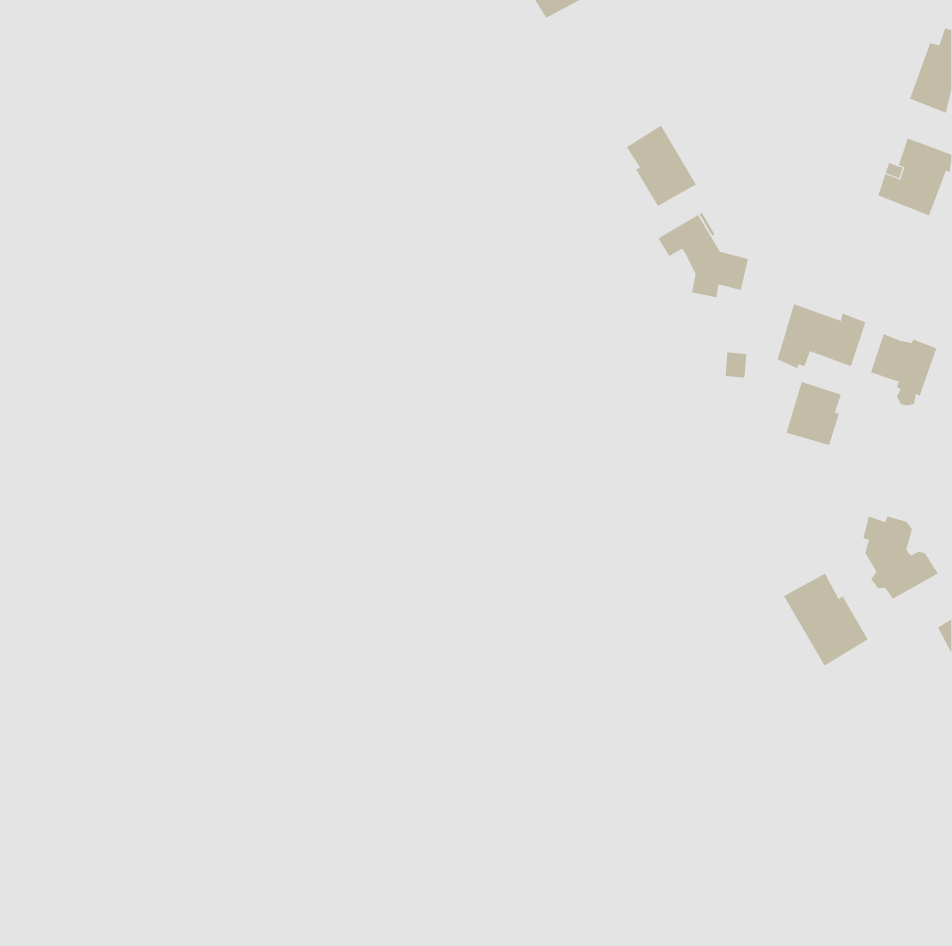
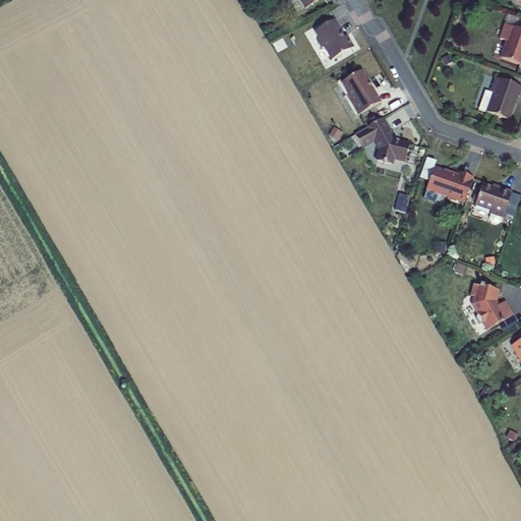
building: none -> [313,18,353,59]
building: [786,381,842,446] -> none
building: [783,573,869,667] -> none

